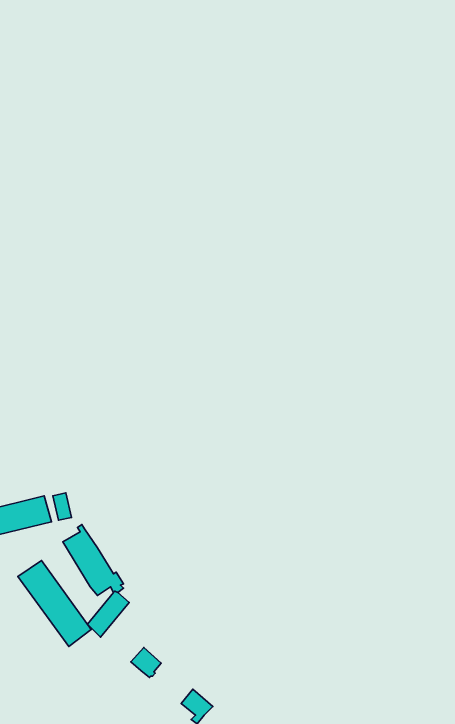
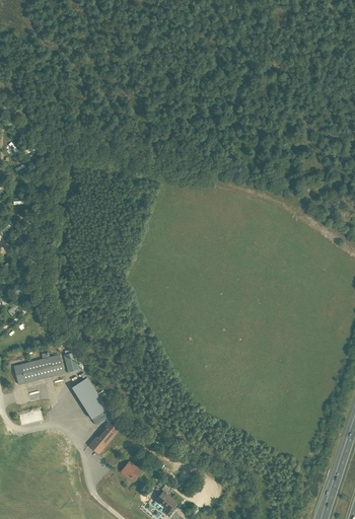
building: [18,561,91,646] -> none

